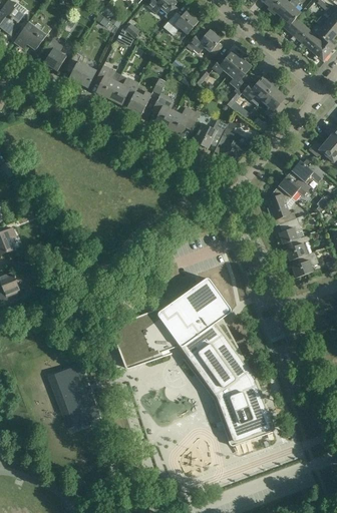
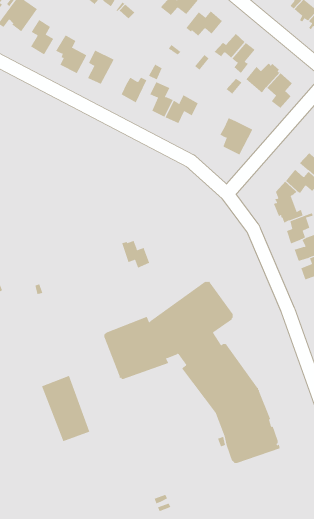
building: [109,75,138,105] -> none
building: [194,119,228,148] -> none
building: none -> [121,240,150,268]

